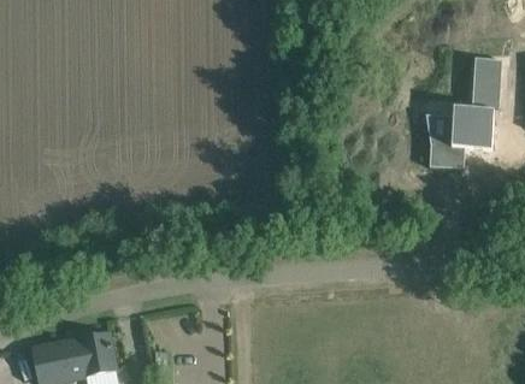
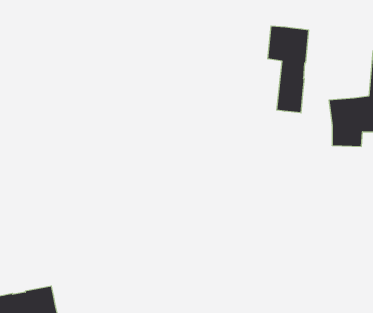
building: none -> [268,26,309,113]

